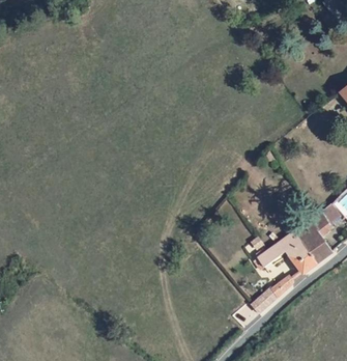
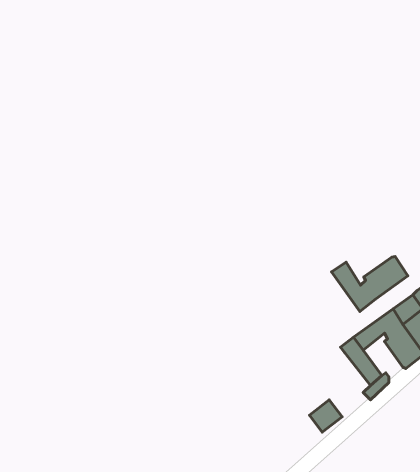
building: none -> [331,256,408,312]

